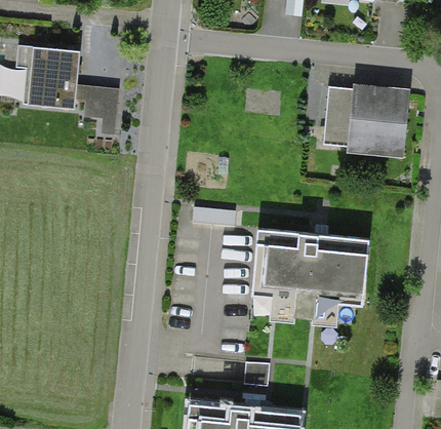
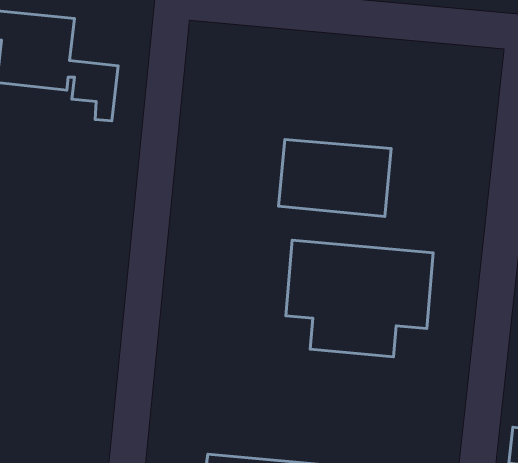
building: [321,89,411,151] -> [279,140,391,217]

